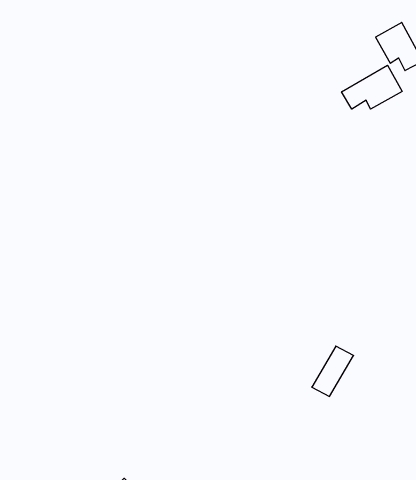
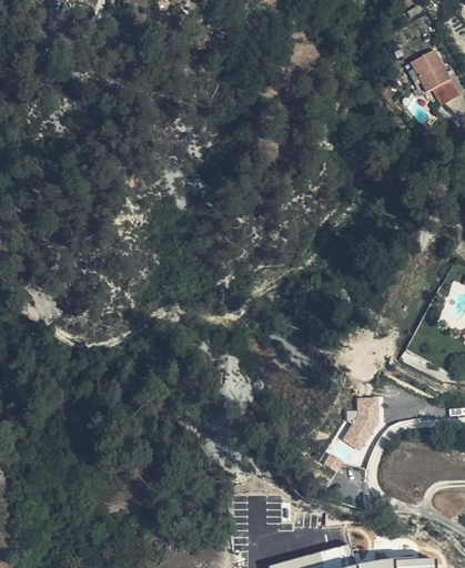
building: [342,65,402,109] -> none

